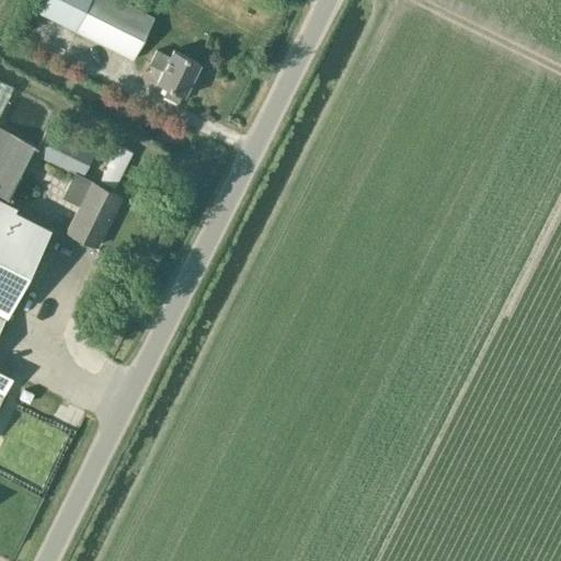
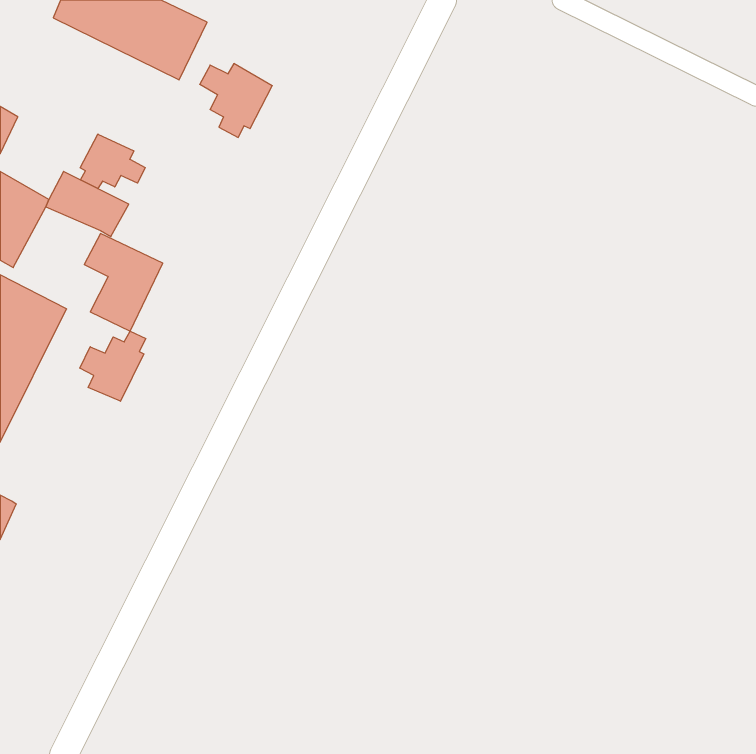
building: none -> [80,134,145,189]
building: none -> [80,331,146,401]

